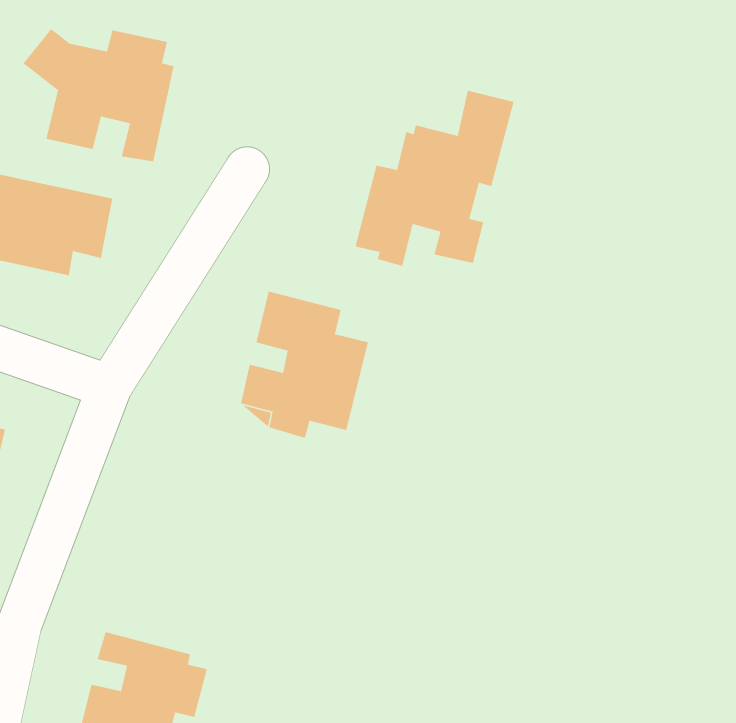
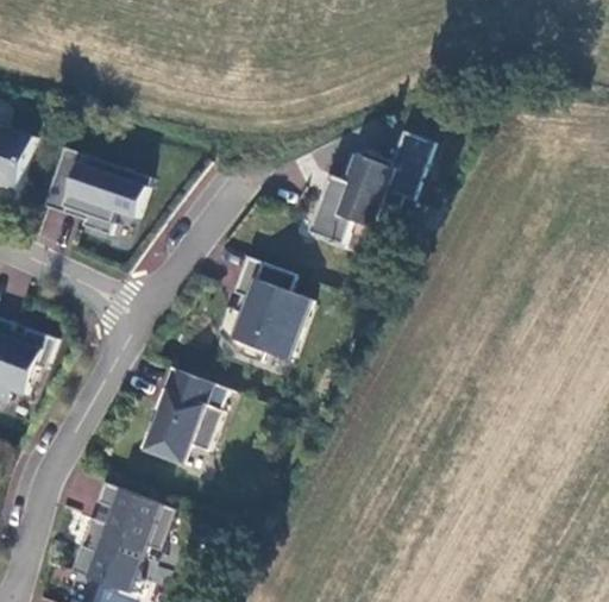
building: [22,28,175,162] -> none
building: none -> [140,366,234,464]

